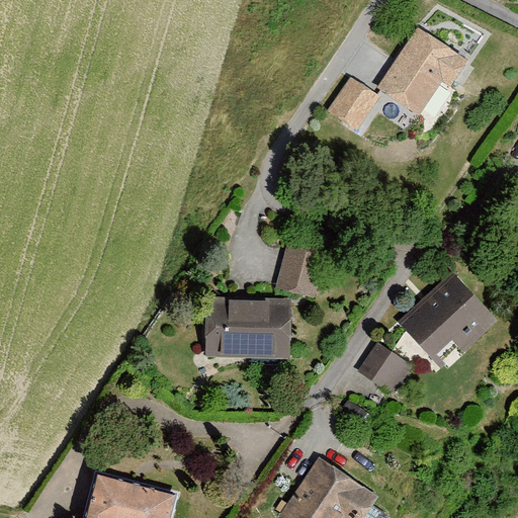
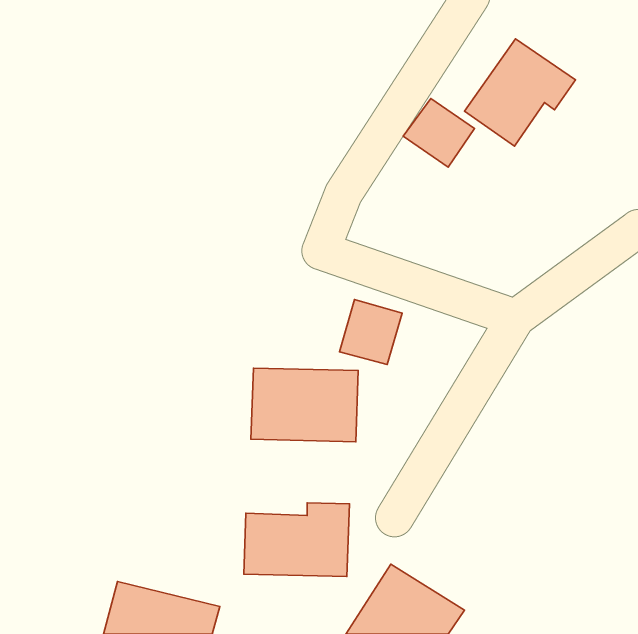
building: [399,273,498,357] -> none
building: [358,346,408,393] -> none
building: none -> [244,503,350,577]

